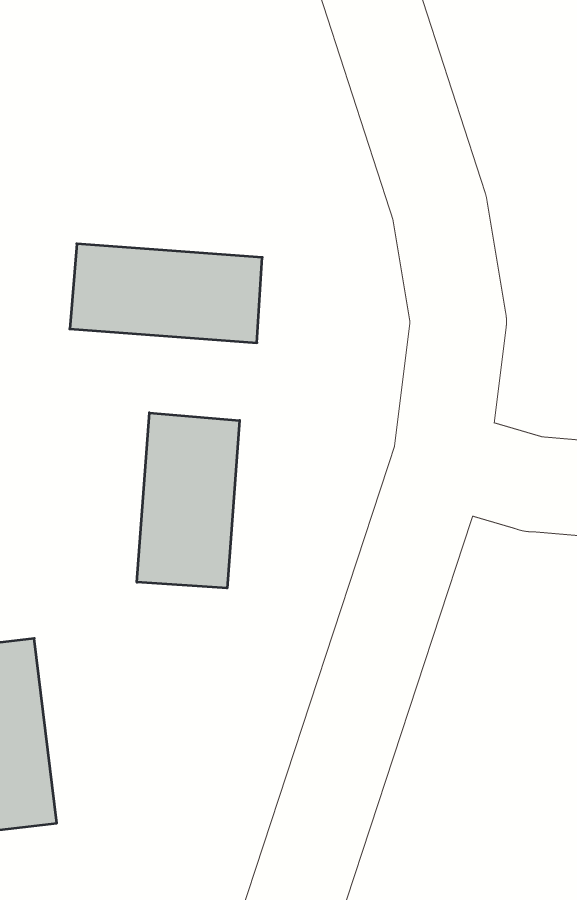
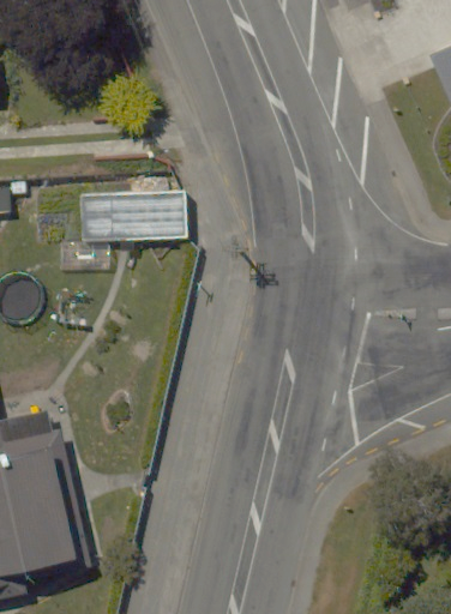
building: [137,413,240,588] -> none

